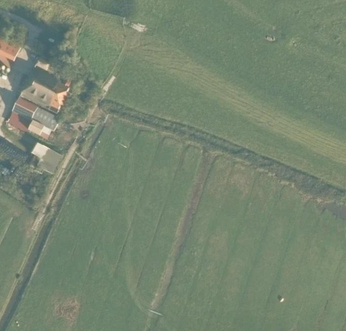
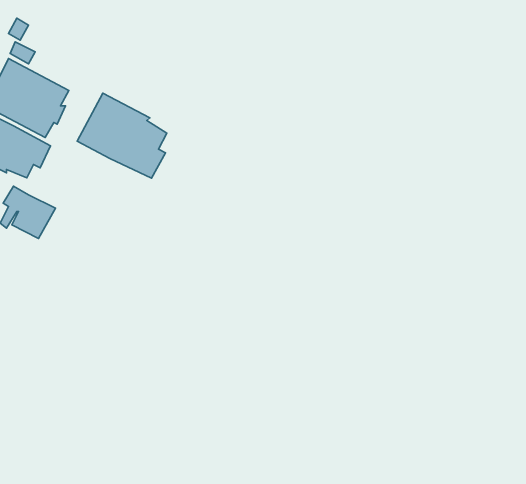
building: none -> [77,93,167,178]

